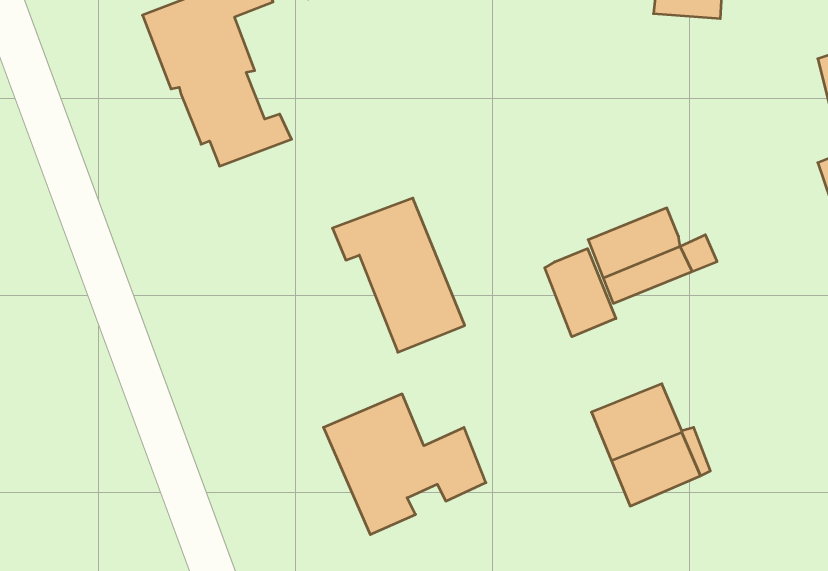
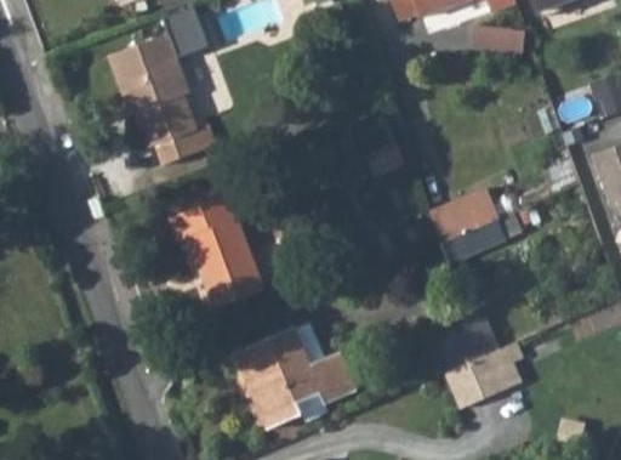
building: [332,198,465,352] -> [170,194,266,306]
building: [545,249,616,337] -> none

